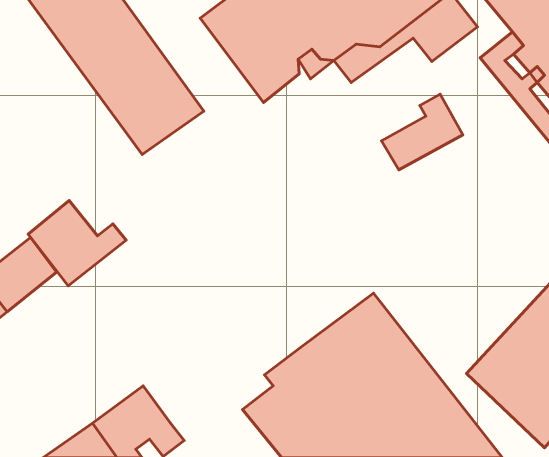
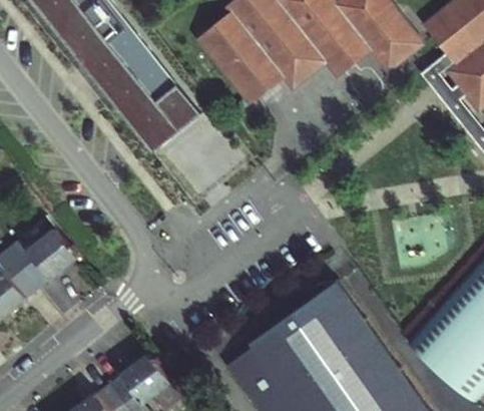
building: [382,94,463,170] -> none
building: [28,200,126,286] -> none

